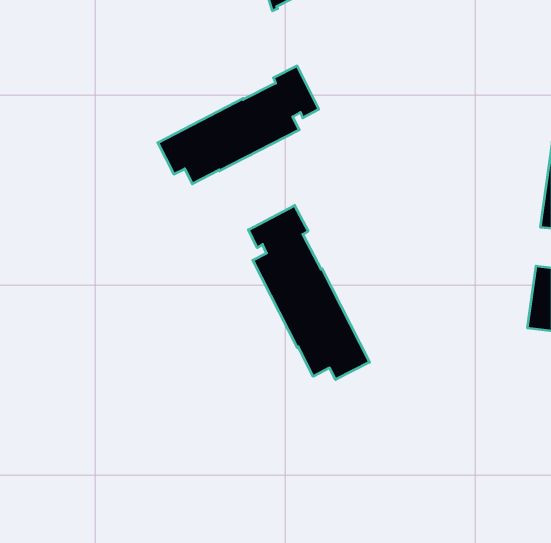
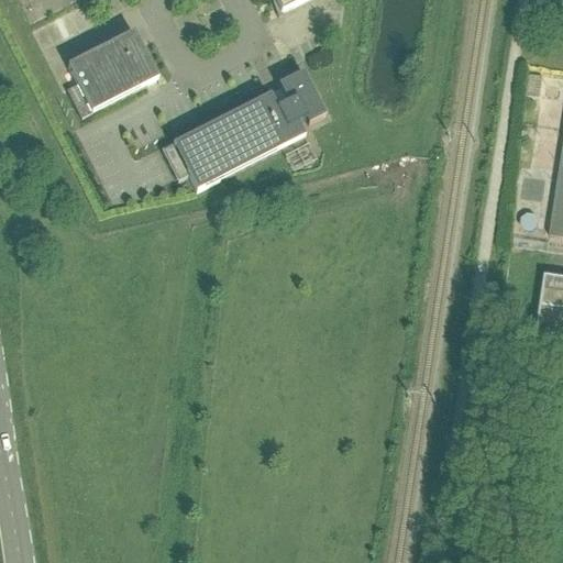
building: none -> [67,33,164,114]
building: [248,205,370,380] -> none

